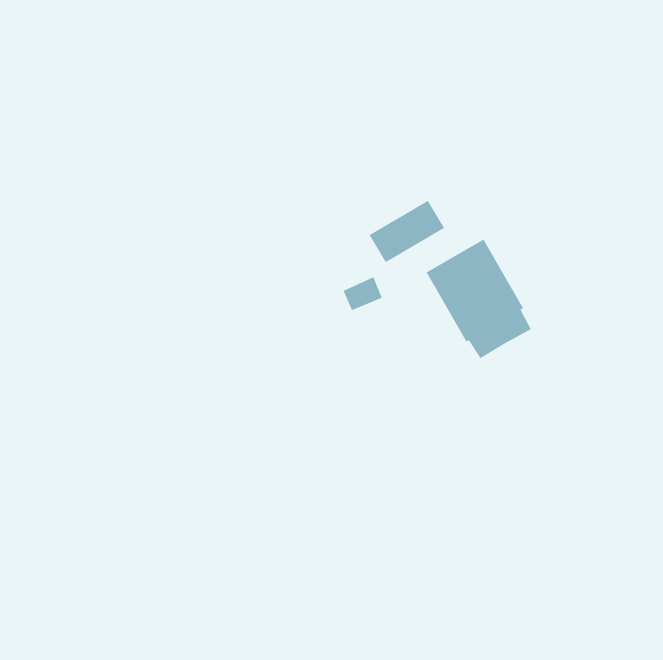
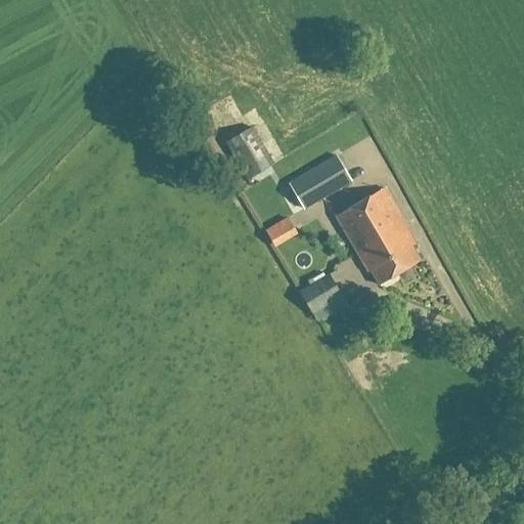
building: none -> [227,126,274,178]
building: none -> [300,273,342,313]

